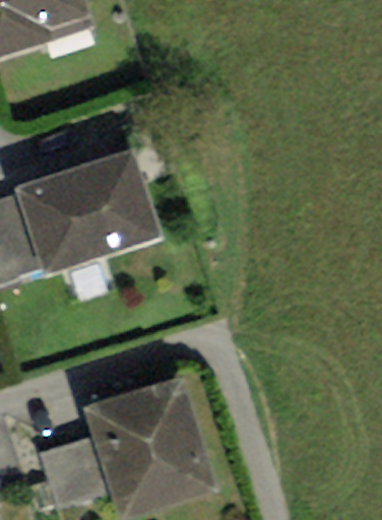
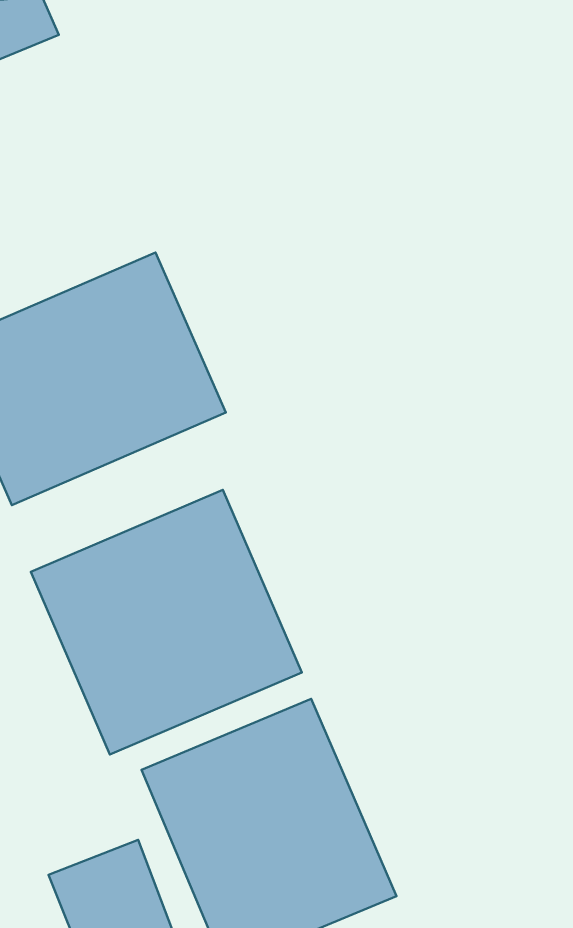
building: none -> [31,490,302,755]

